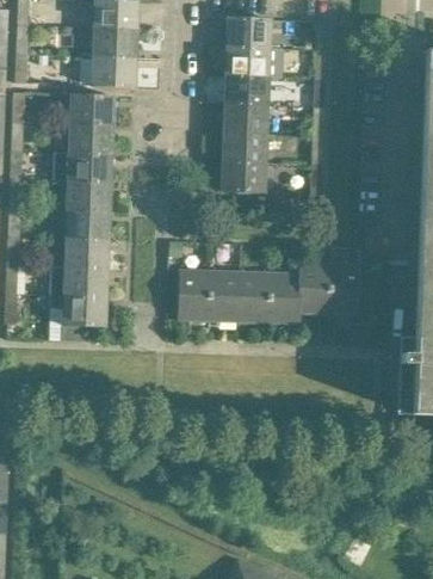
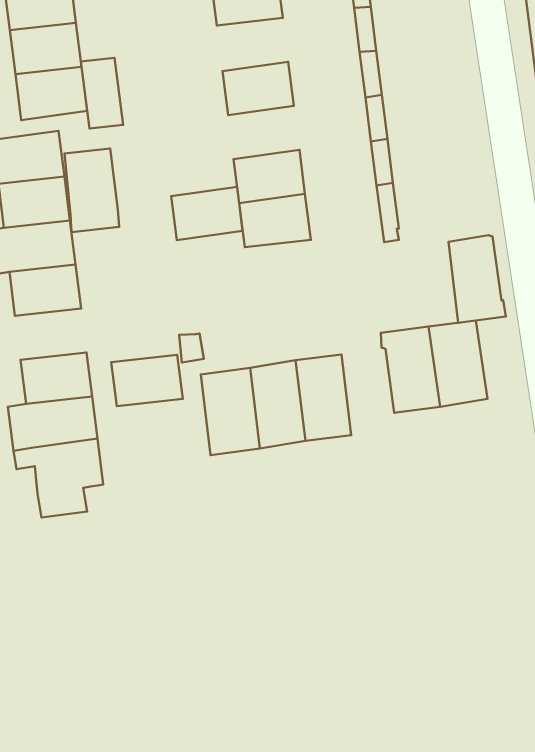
building: [225,45,270,76] -> none
building: none -> [81,58,123,128]
building: [223,104,267,134] -> [171,187,243,240]
building: none -> [64,148,119,232]
building: [66,209,110,240] -> [111,355,183,406]
building: [268,269,299,322] -> [448,235,506,323]

